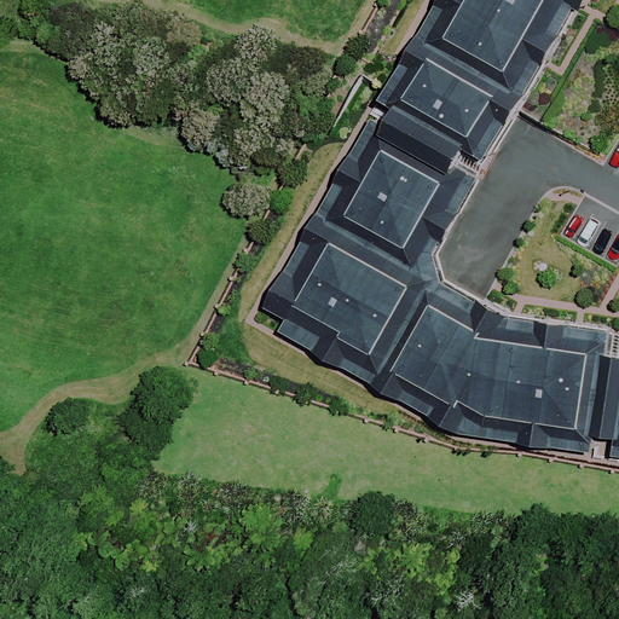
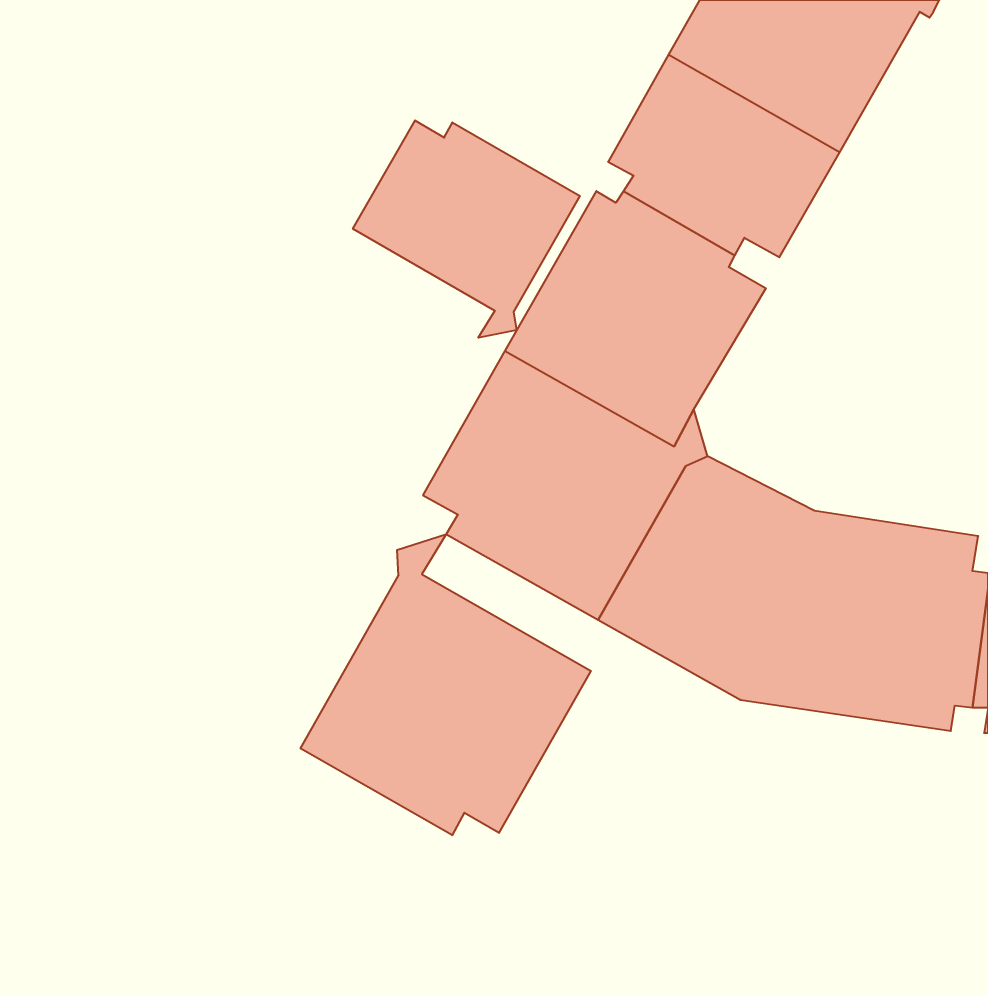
building: none -> [353,120,580,338]
building: none -> [301,534,591,835]

